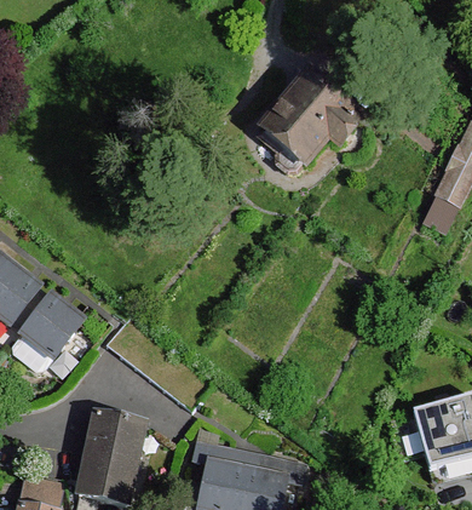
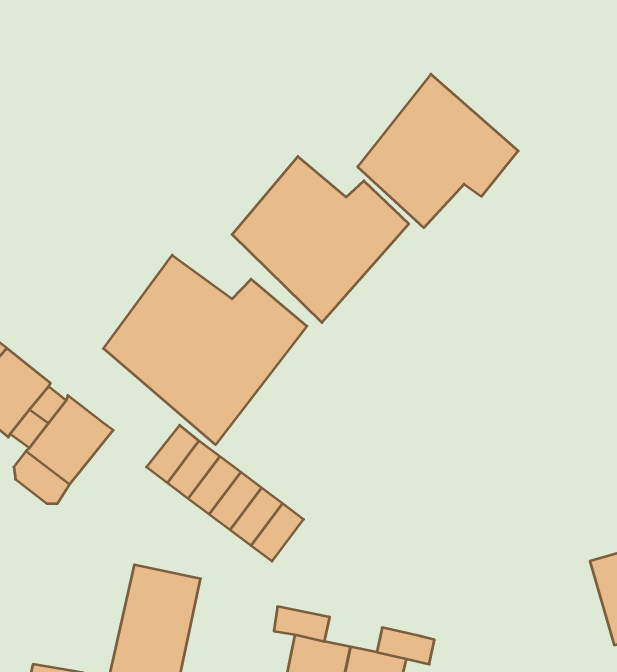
building: none -> [232,156,409,323]
building: none -> [103,255,307,445]

